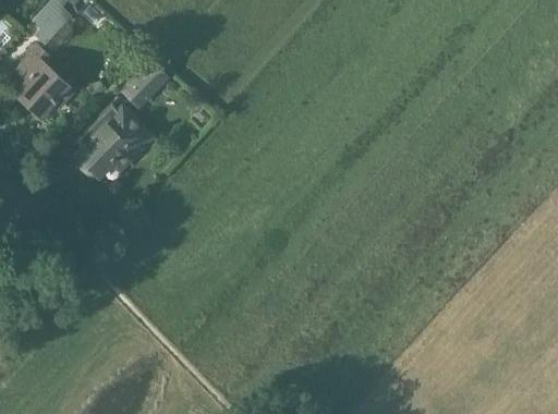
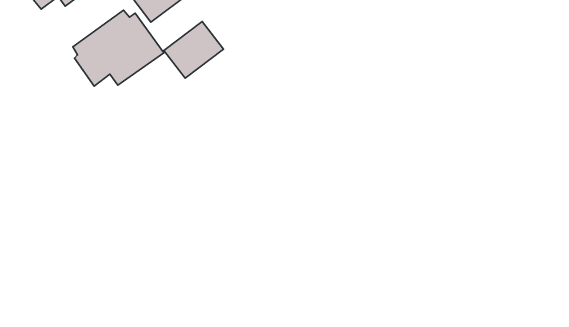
building: none -> [164,21,223,78]

